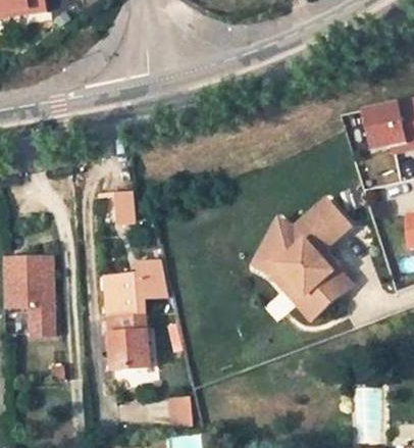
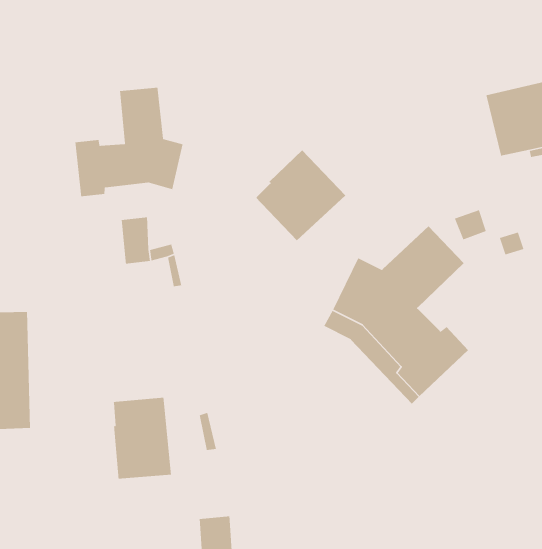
building: none -> [74,87,184,197]
building: none -> [254,150,346,241]
building: [104,260,167,316] -> none

